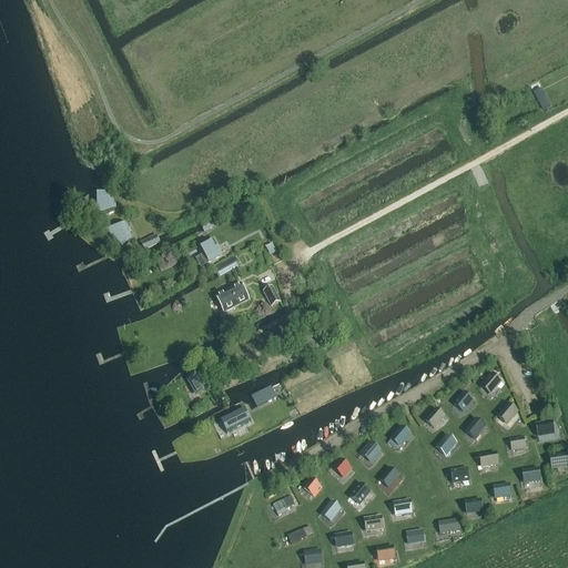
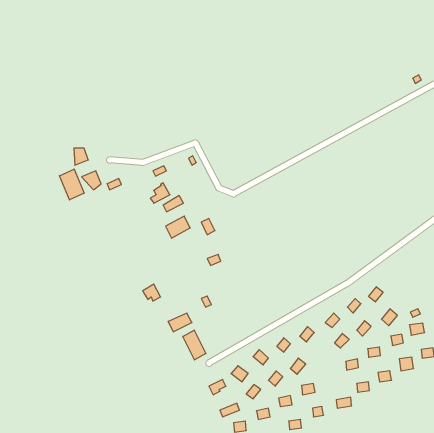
building: none -> [59,169,84,200]
building: none -> [183,330,206,360]

